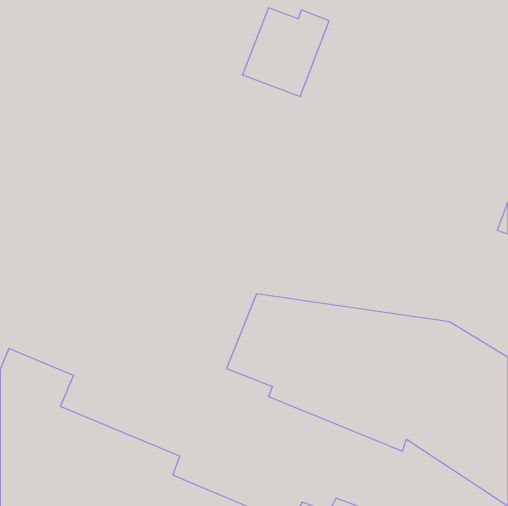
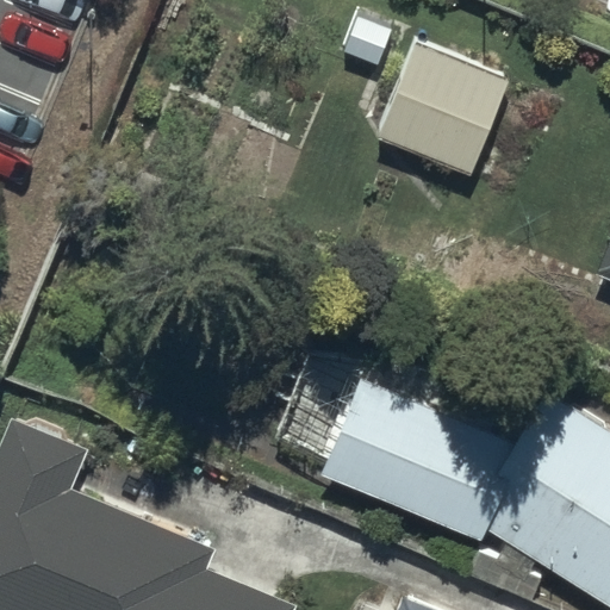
building: none -> [379,42,509,174]

